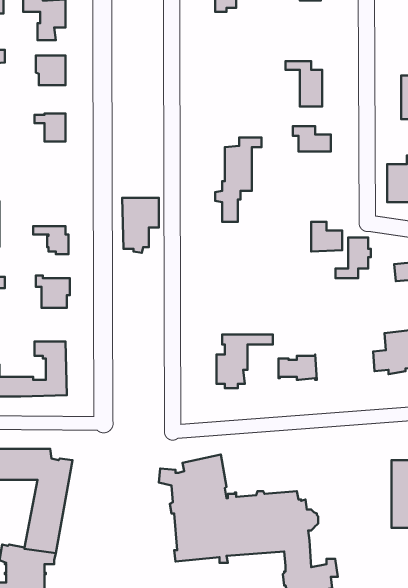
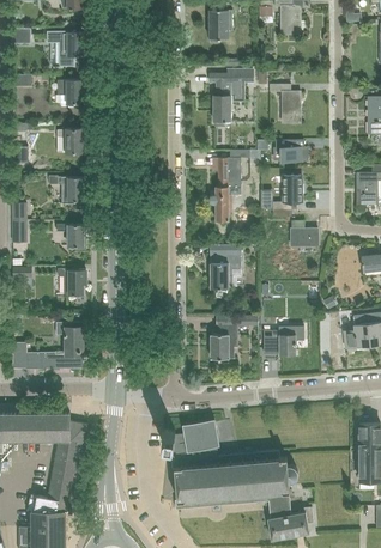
building: none -> [210,69,254,127]
building: none -> [49,176,83,205]
building: [122,198,159,253] -> [210,245,241,292]
building: [336,237,371,278] -> [272,176,302,211]

